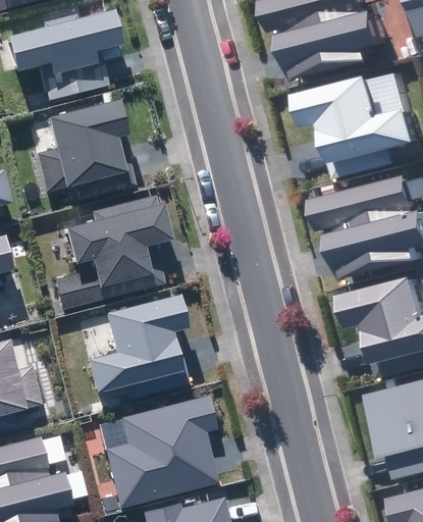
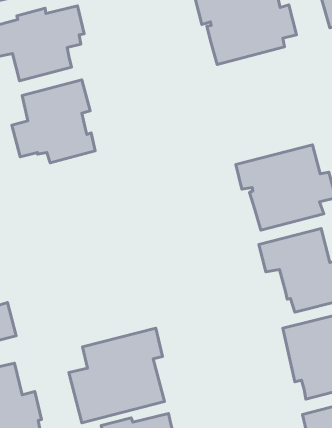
building: [287,73,409,178] -> none
building: [56,194,173,308] -> none
building: [90,293,192,400] -> none

